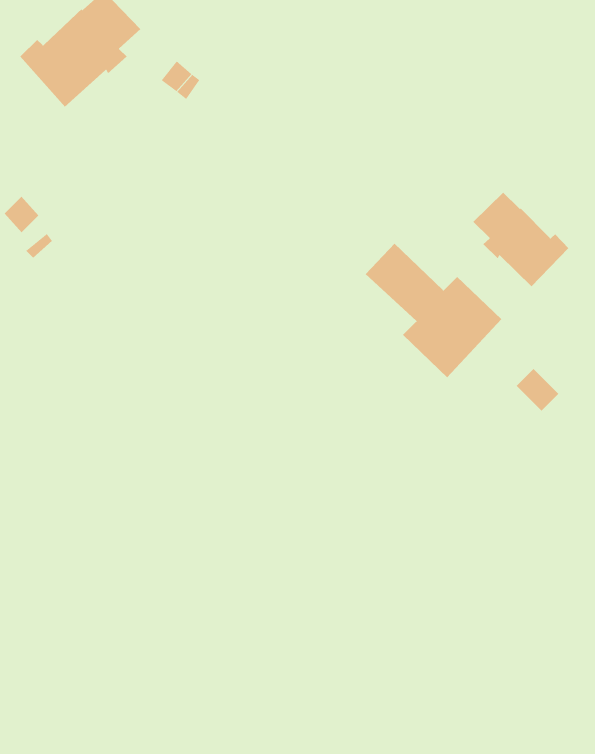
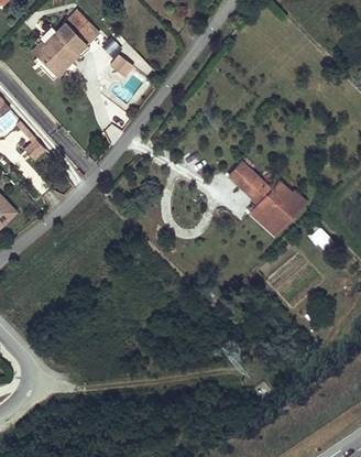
building: [472,192,569,287] -> none

